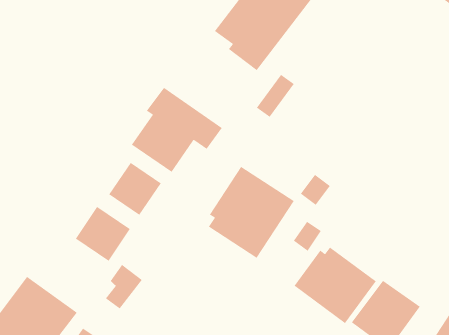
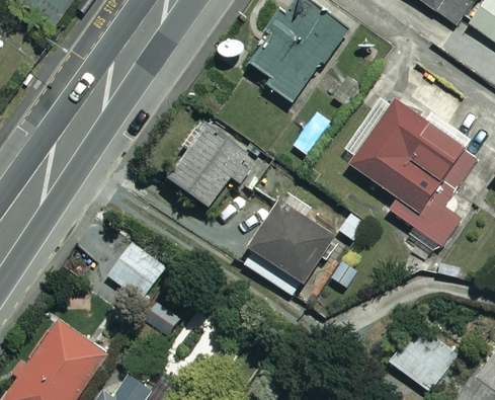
building: none -> [342,92,481,248]
building: [108,162,162,216] -> none
building: [293,247,377,324] -> none

